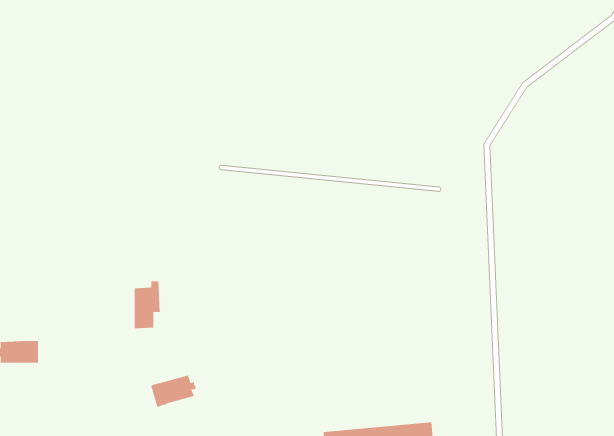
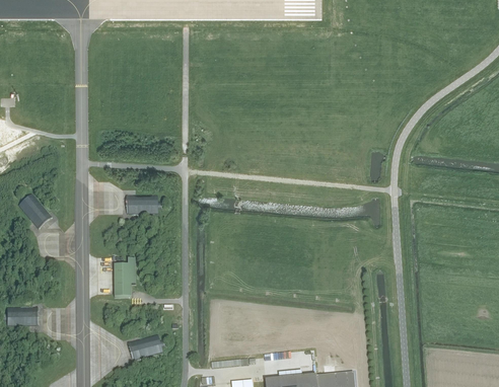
building: none -> [18,194,52,229]
building: none -> [127,196,161,215]

